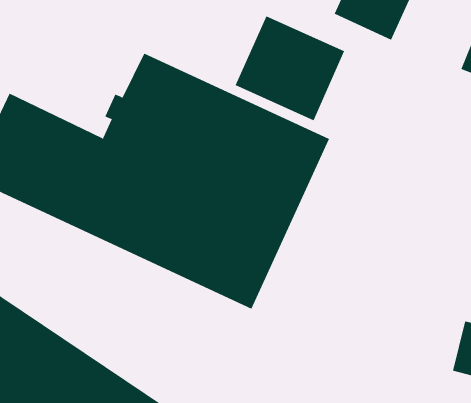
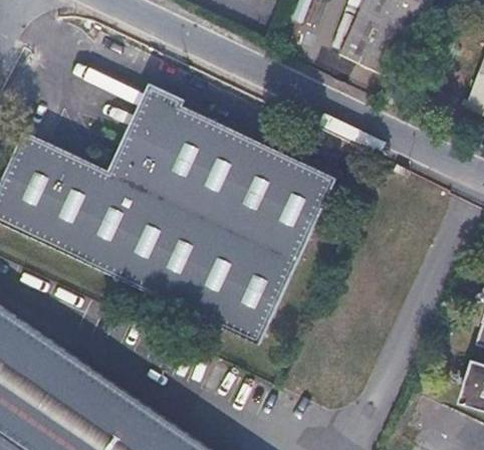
building: [235,15,345,121] -> none

